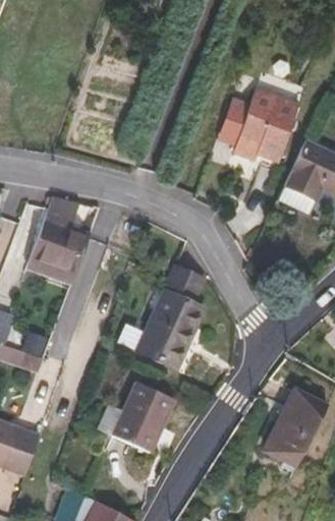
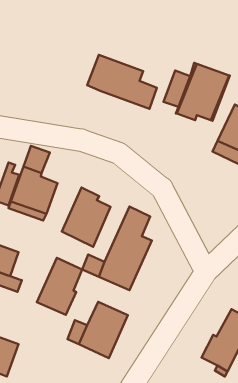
building: none -> [87,55,157,109]
building: none -> [62,187,111,247]
building: none -> [37,258,82,315]

